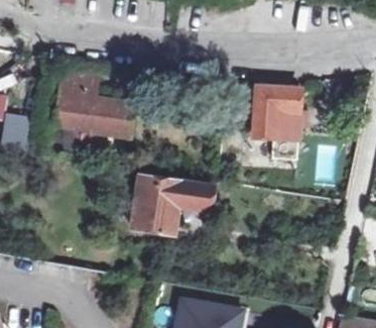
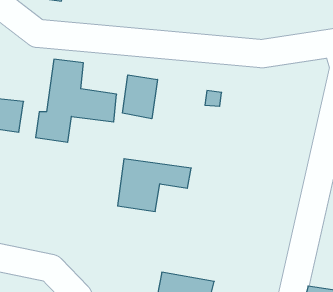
building: [252,84,308,158] -> none
building: none -> [123,75,157,119]

